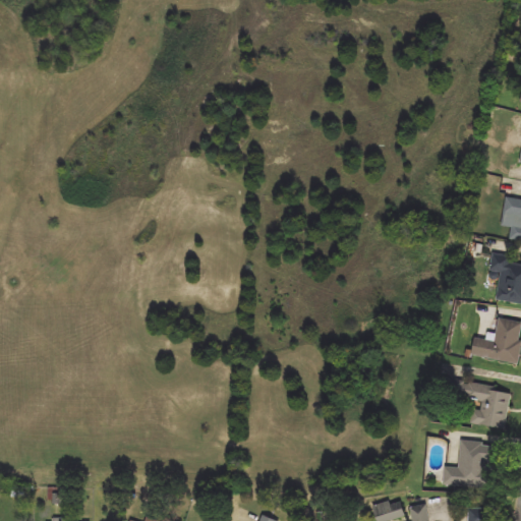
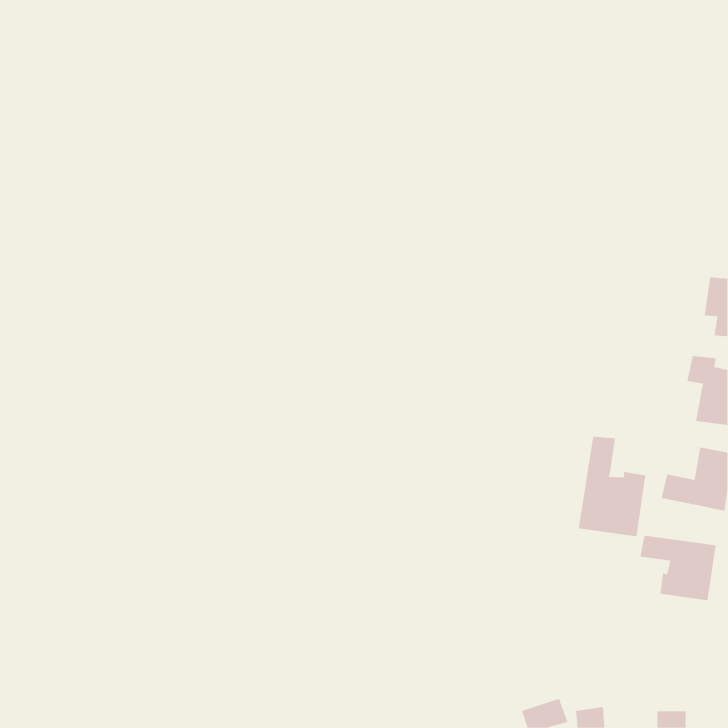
building: none -> [578,436,646,537]
building: [445,441,496,486] -> none

